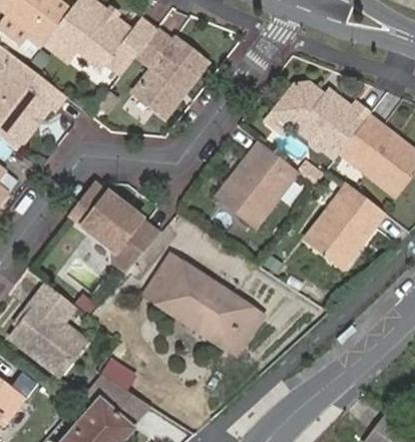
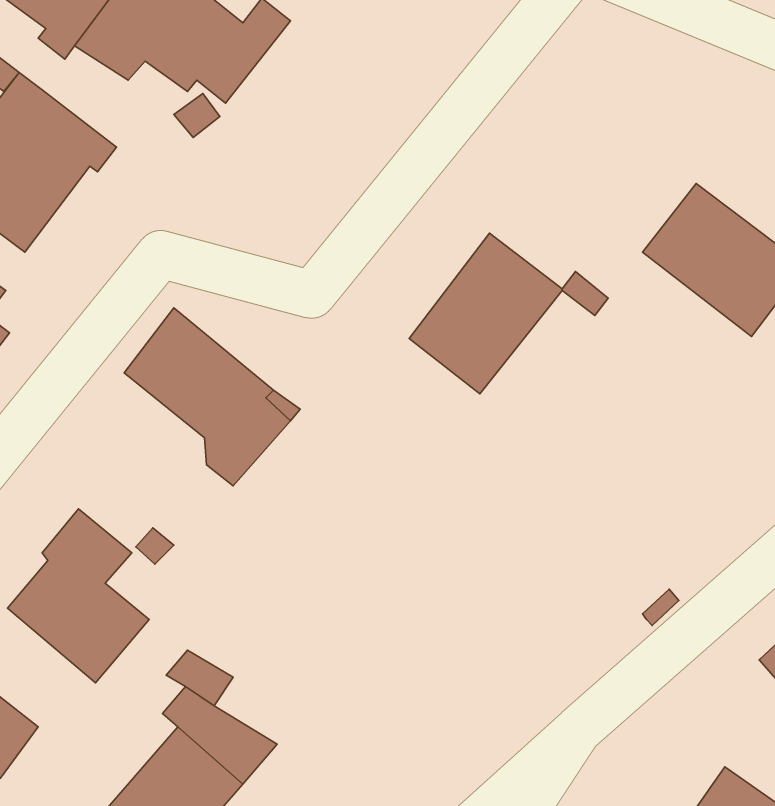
building: [133,27,206,115] -> none
building: [276,82,368,156] -> none
building: [306,182,386,266] -> none
building: [144,257,261,353] -> none

